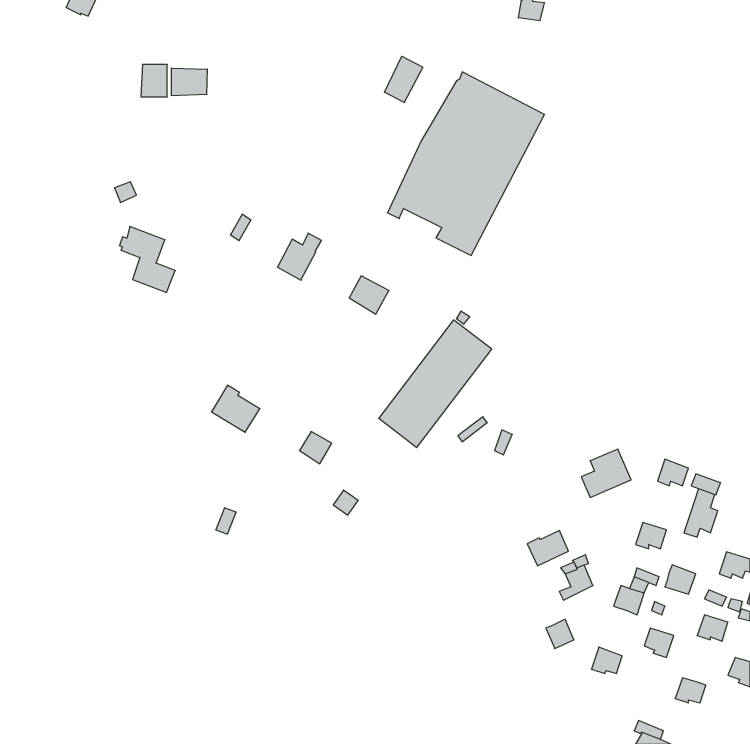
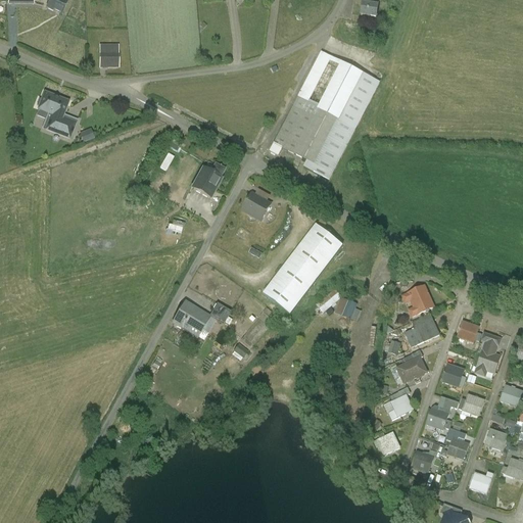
building: [384,56,423,103] -> none
building: [171,68,207,96] -> none
building: [119,227,175,293] -> [37,90,76,136]
building: [211,385,260,432] -> [174,301,207,334]
building: none -> [399,284,434,317]
building: [527,531,568,566] -> [397,356,426,381]

